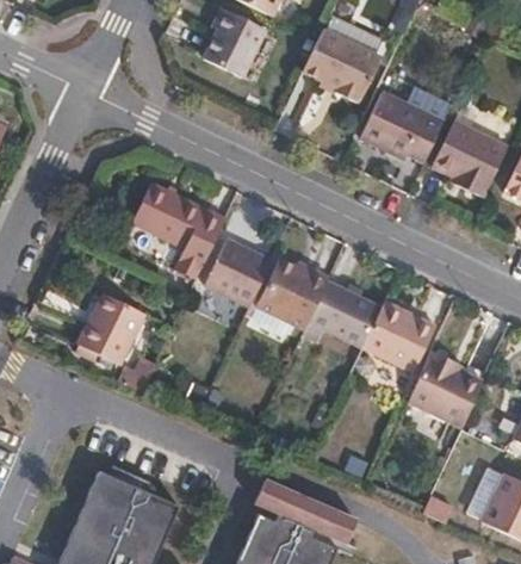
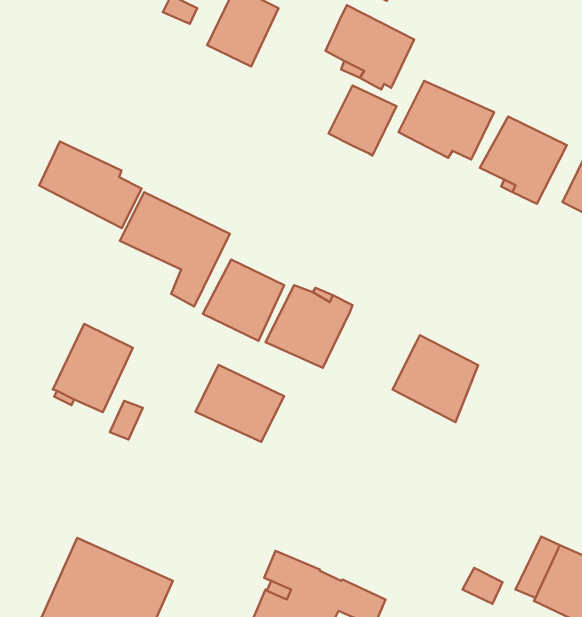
building: none -> [329,85,396,156]
building: none -> [39,141,141,228]
building: [306,283,380,347] -> [196,365,284,442]
building: [408,351,484,430] -> none

